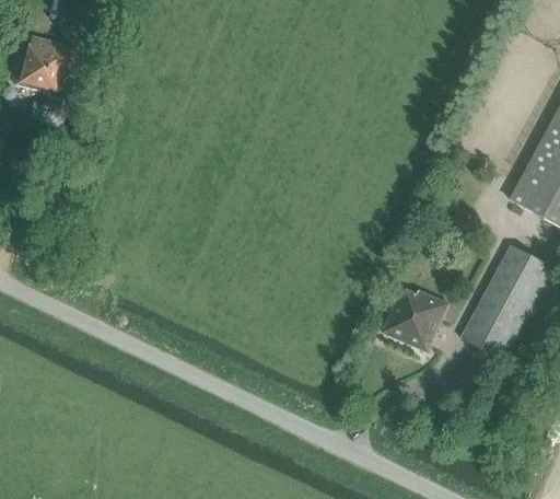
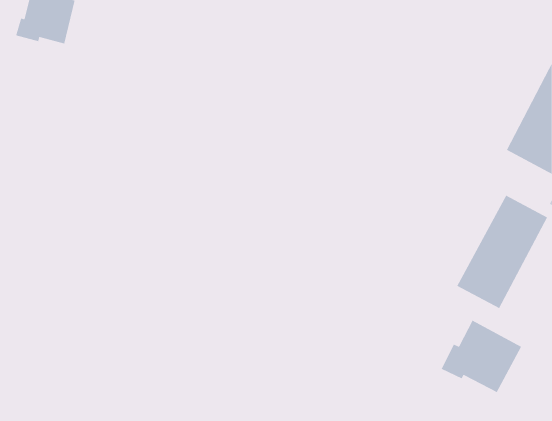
building: [384,286,450,349] -> none
building: none -> [441,319,522,393]

